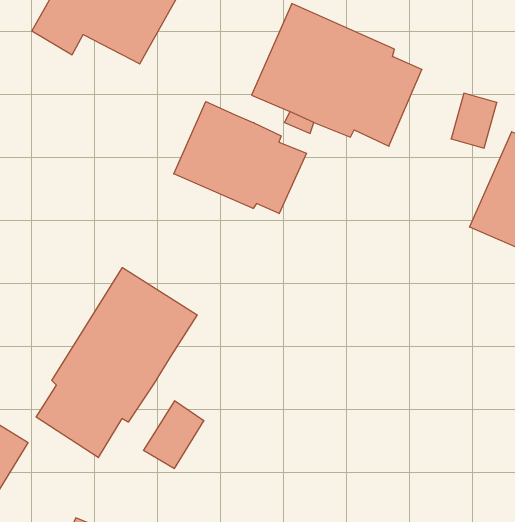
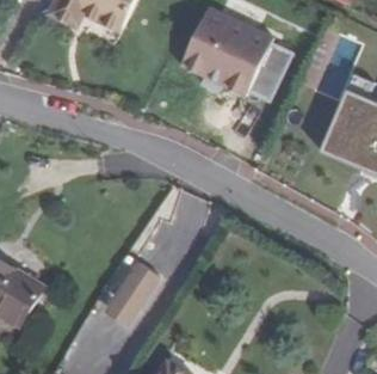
building: [174,102,306,214] -> none
building: [36,268,197,458] -> none

